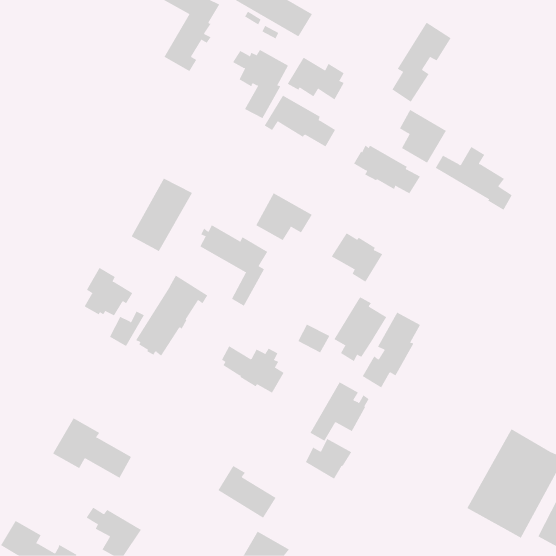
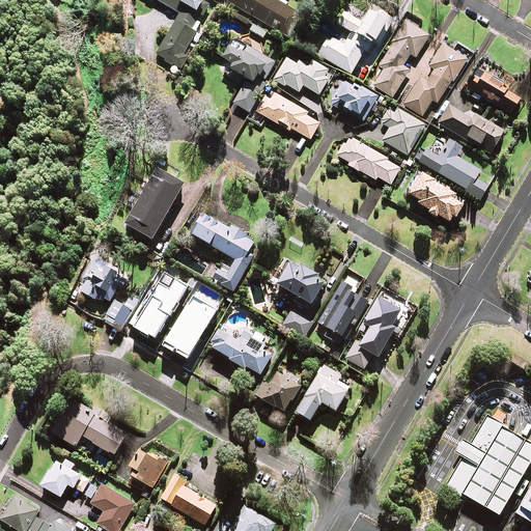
building: none -> [318,6,394,74]
building: none -> [403,44,468,116]
building: none -> [469,73,521,114]
building: none -> [330,80,378,119]
building: none -> [439,106,504,155]
building: none -> [409,173,465,222]
building: [255,193,312,241] -> none
building: [331,232,383,283] -> [275,261,325,309]
building: none -> [162,283,231,359]
building: [305,438,352,479] -> [256,372,301,412]
building: [218,465,276,519] -> [161,474,217,525]
building: none -> [130,449,168,491]
building: none -> [40,459,90,497]

